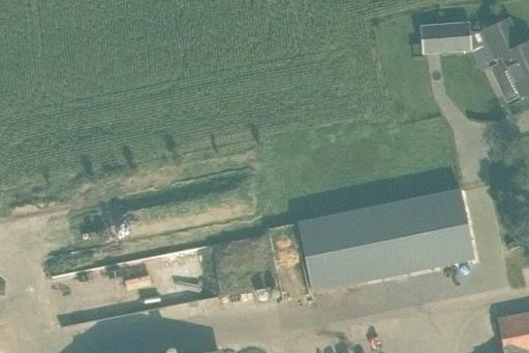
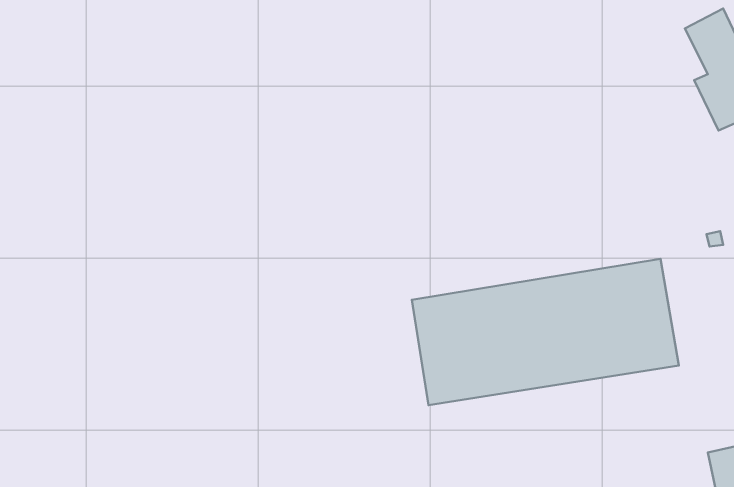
building: [418,25,469,57] -> none

